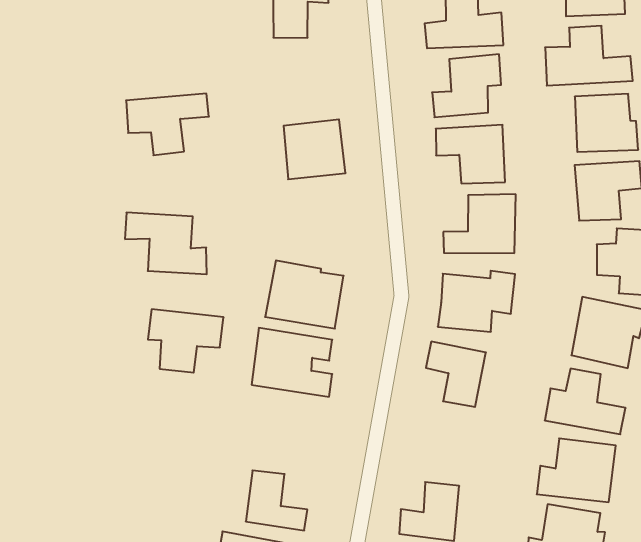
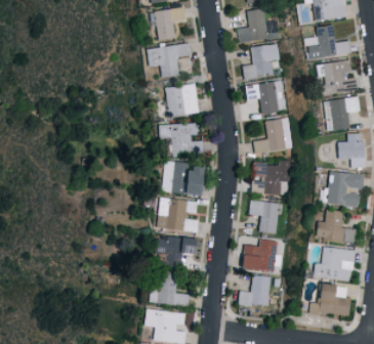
building: [126,94,209,155] -> [147,43,192,78]
building: [125,213,207,274] -> [159,124,204,155]
building: [148,309,224,373] -> [155,235,195,268]
building: none -> [242,240,283,271]

